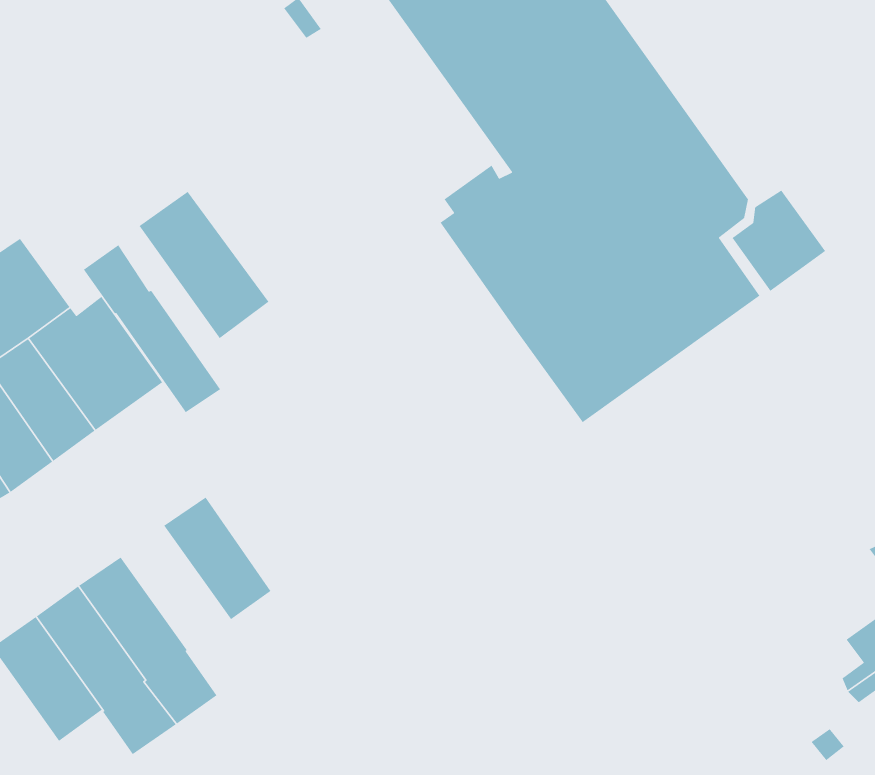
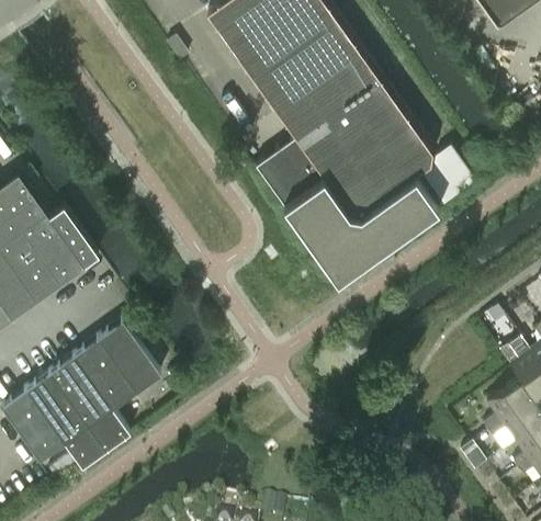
building: [138,191,270,339] -> none
building: [83,244,221,413] -> none
building: none -> [74,339,136,410]

